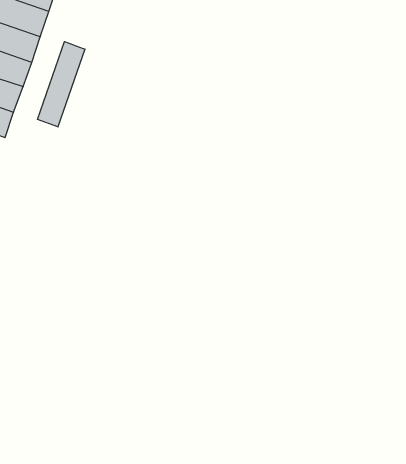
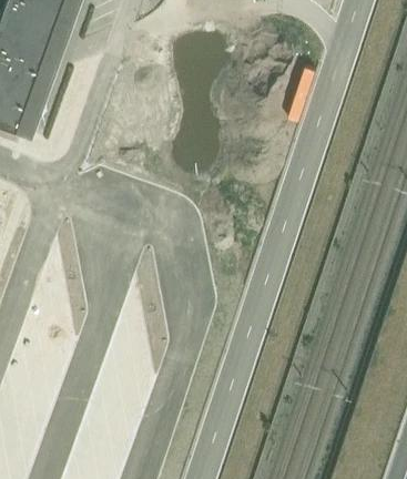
building: [37,42,85,127] -> none

